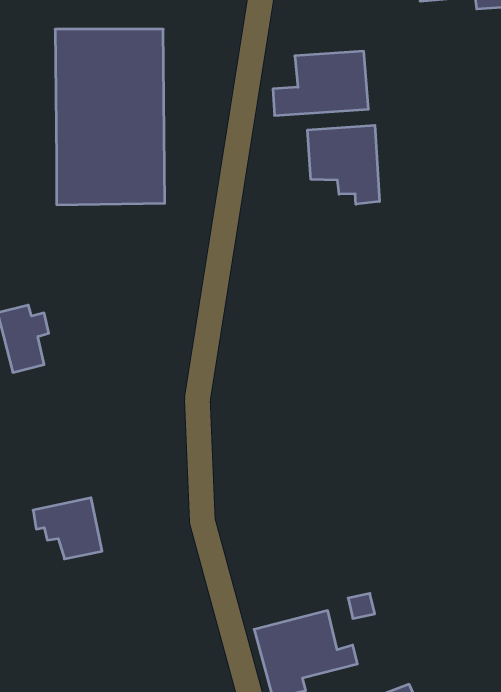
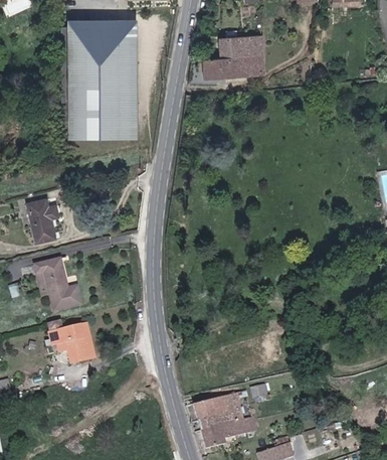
building: [308,125,379,204] -> none
building: none -> [34,260,80,312]

